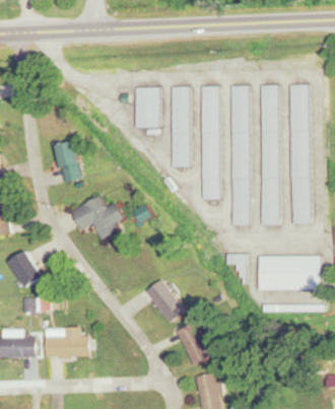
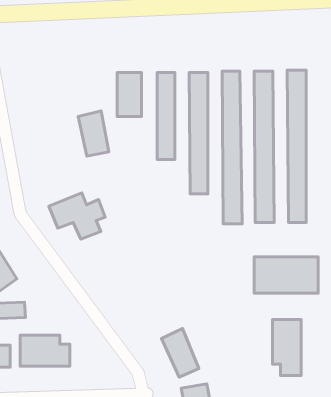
building: [54,141,82,183] -> [78,111,109,156]
building: [146,279,186,323] -> none
building: none -> [272,320,301,375]

